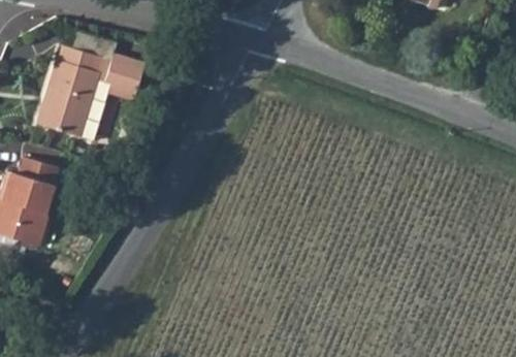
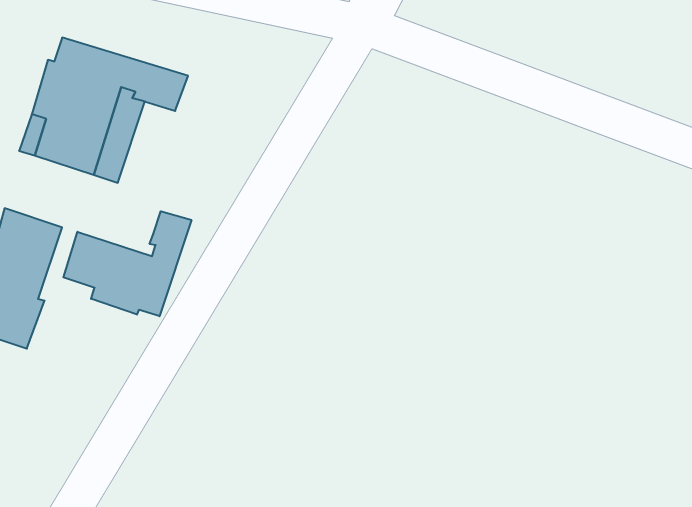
building: none -> [63,211,191,316]

